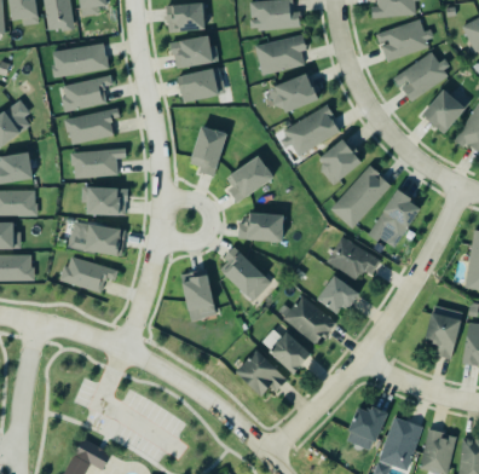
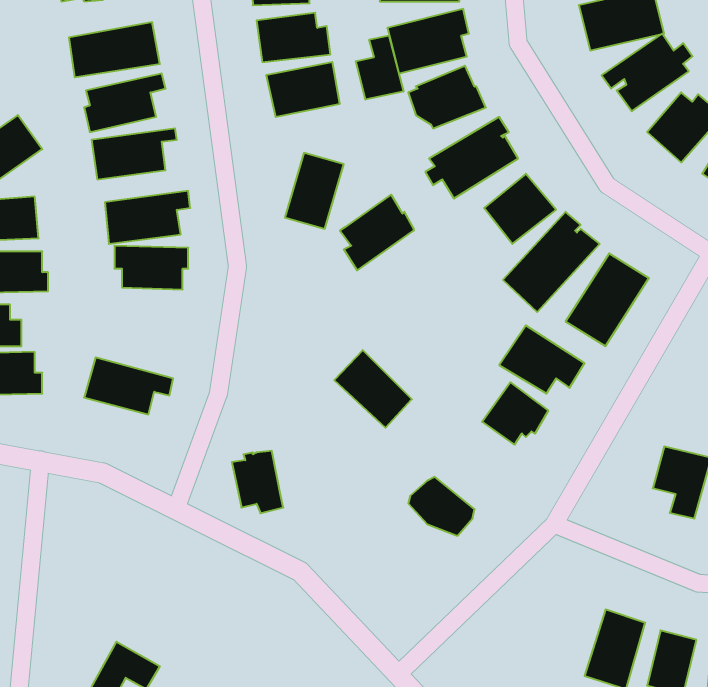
building: none -> [356,36,403,100]
building: [236,209,283,239] -> none
building: [69,222,125,255] -> none
building: [180,272,213,312] -> [232,451,283,513]
building: [277,293,334,347] -> none
building: [236,351,285,401] -> none
building: [347,404,389,450] -> none

